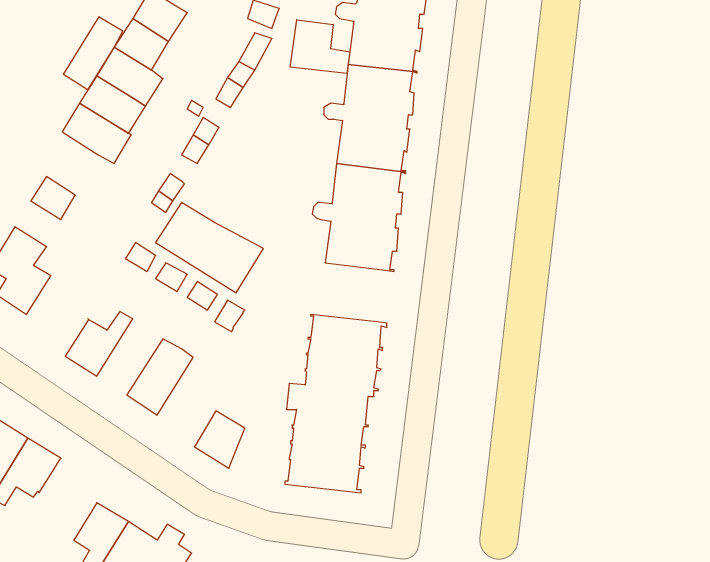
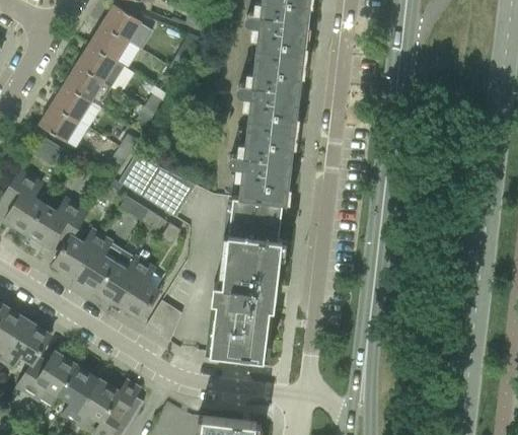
building: [63,17,123,90] -> none
building: [290,20,350,73] -> none
building: none -> [40,104,78,141]
building: none -> [228,196,280,238]
building: none -> [27,201,87,247]
building: none -> [77,236,124,290]
building: none -> [120,264,159,318]
building: none -> [18,352,77,404]

